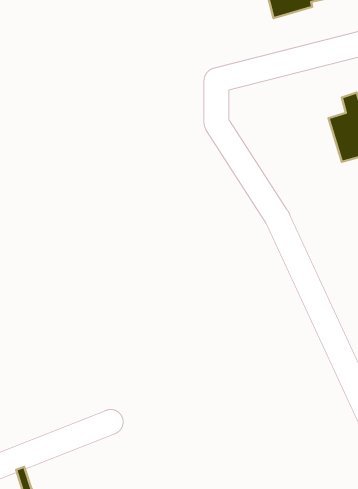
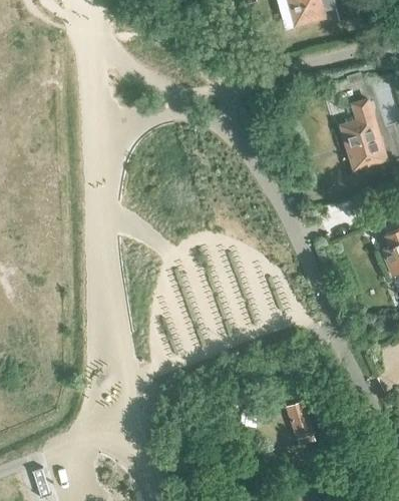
building: none -> [287,403,313,438]

